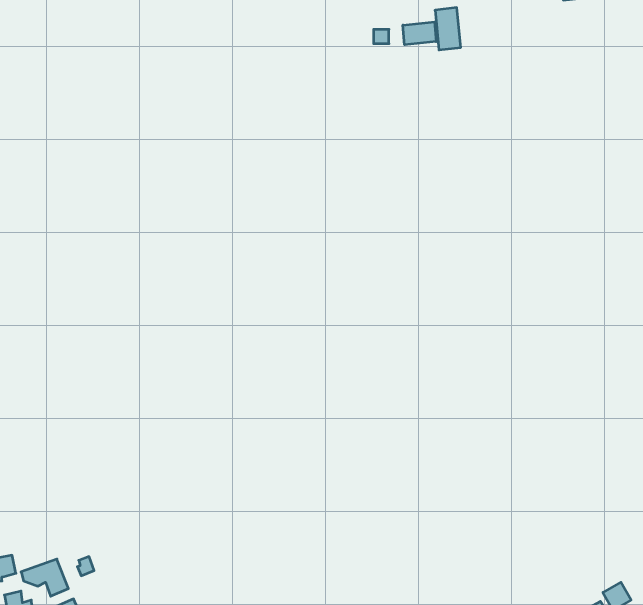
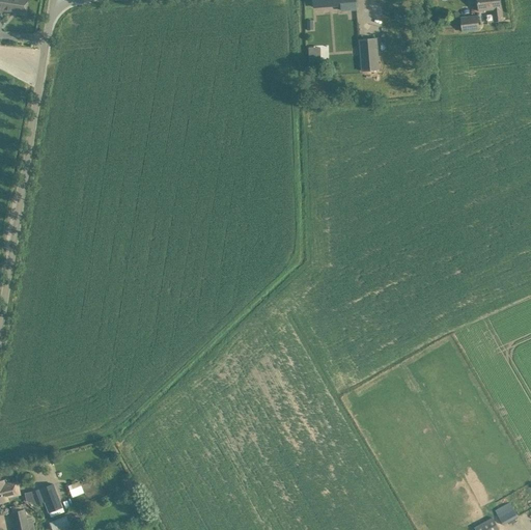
building: [403,22,436,45] -> none

